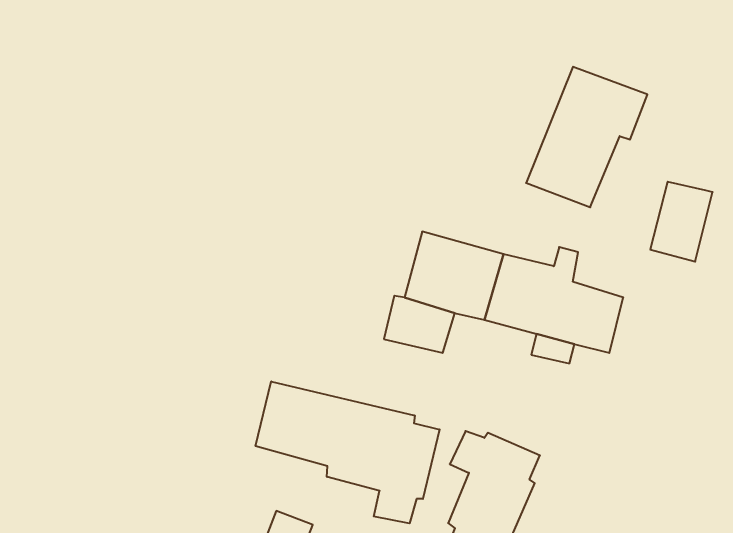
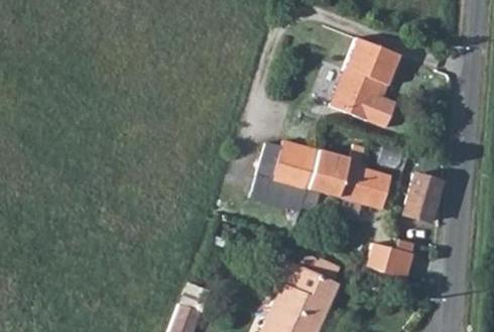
building: [650,182,713,262] -> [404,177,441,223]
building: [256,381,440,523] -> none
building: none -> [368,236,417,274]

